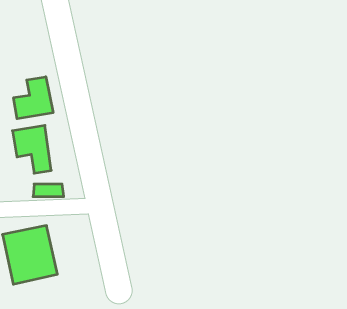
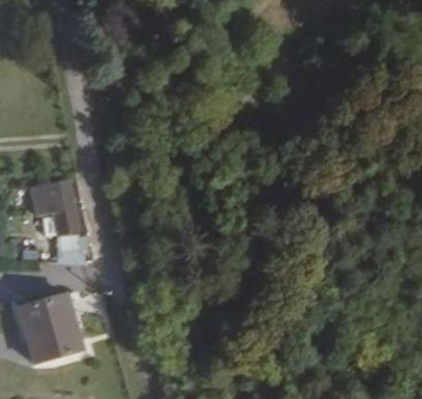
building: [14,77,53,119] -> none

